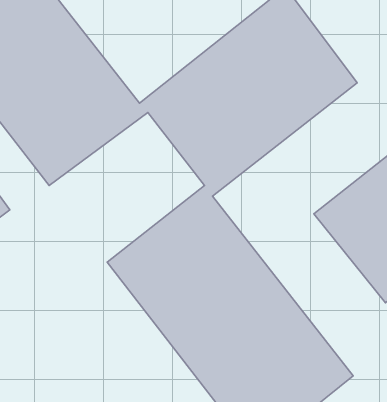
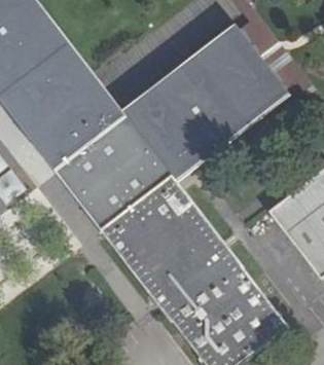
building: none -> [55,117,173,231]

